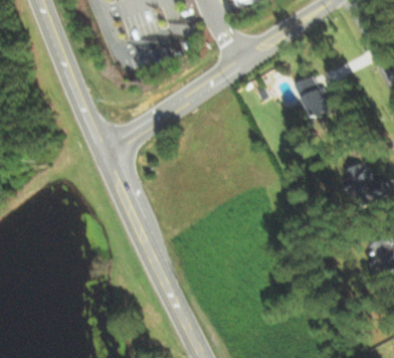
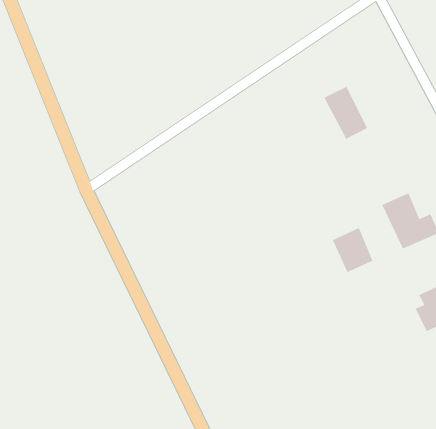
building: none -> [332,227,373,273]

